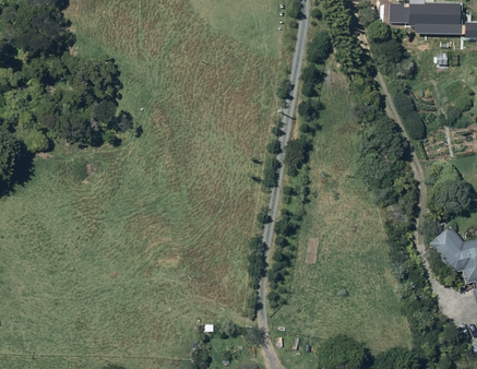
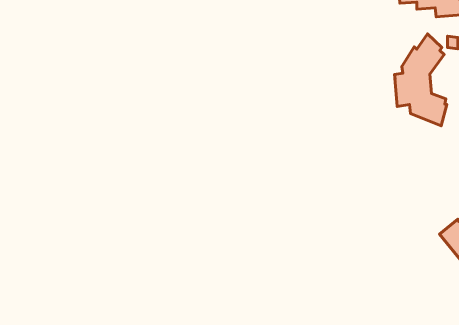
building: none -> [395,34,447,126]

